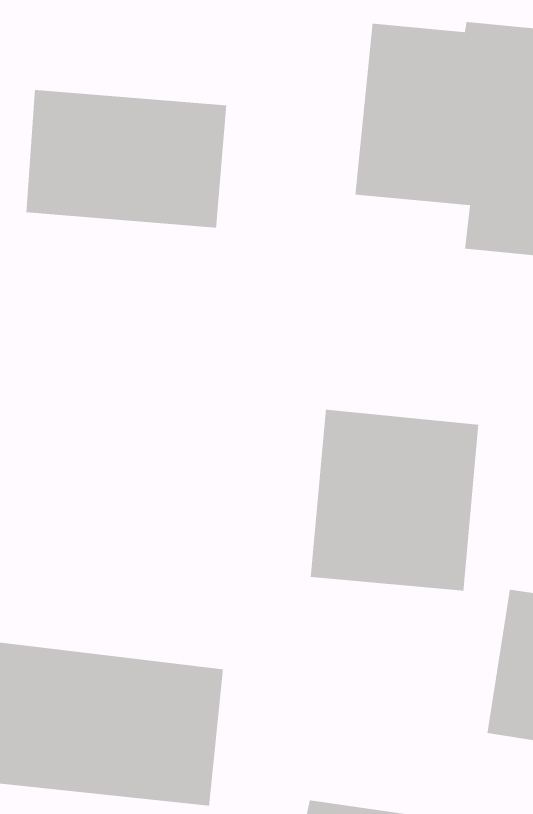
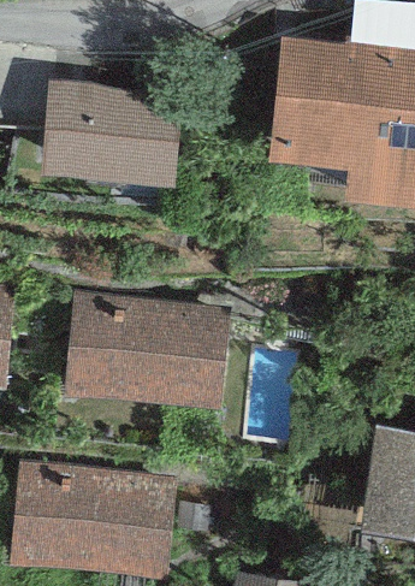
building: none -> [64,295,230,409]
building: [310,409,479,591] -> none

